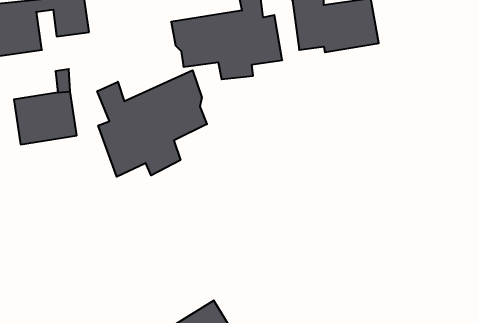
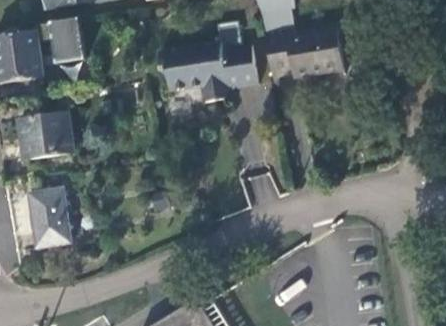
building: [97,70,207,177] -> none
building: none -> [28,189,70,248]

